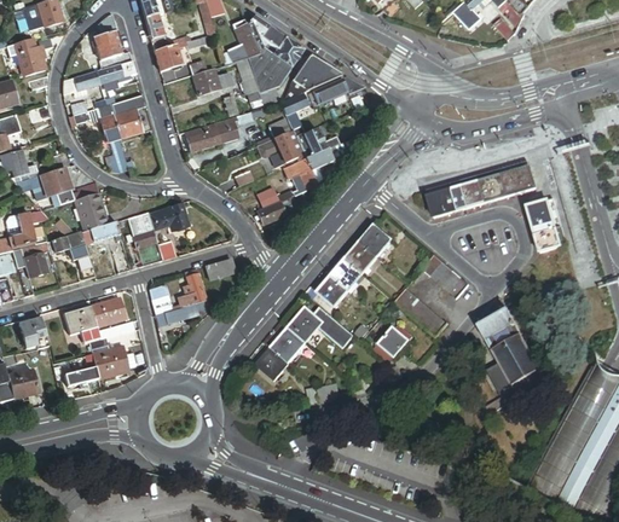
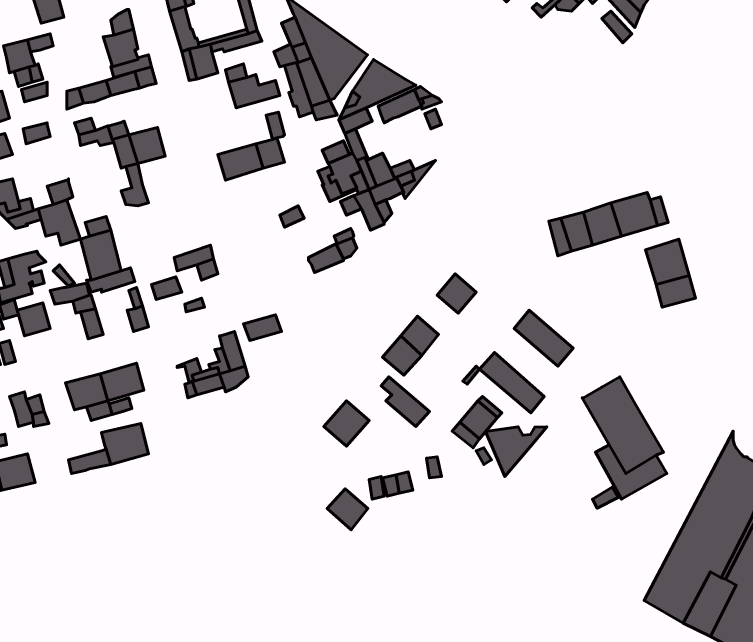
building: [424,184,456,218] -> none
building: [343,243,376,274] -> none
building: [287,307,323,343] -> none
building: [254,348,287,381] -> [327,489,368,530]
building: none -> [485,427,547,476]

